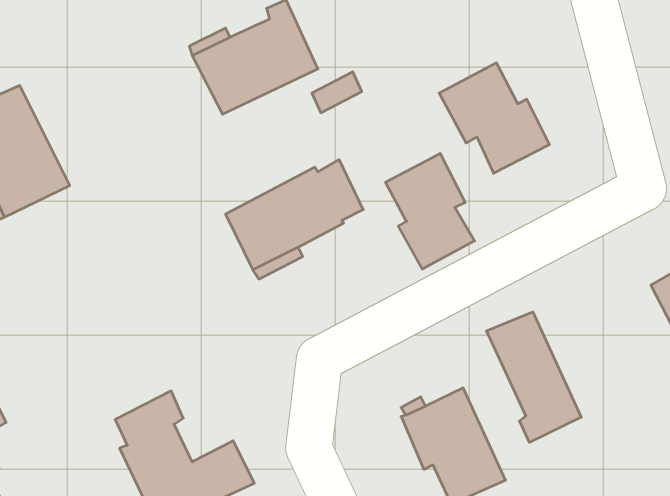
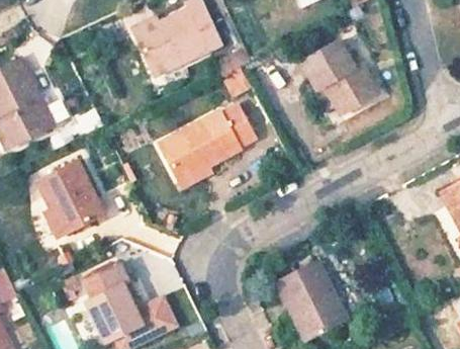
building: [386,153,475,269] -> none
building: none -> [37,160,103,231]
building: [487,312,581,442] -> none

